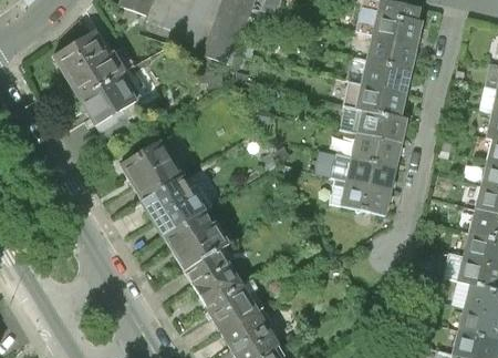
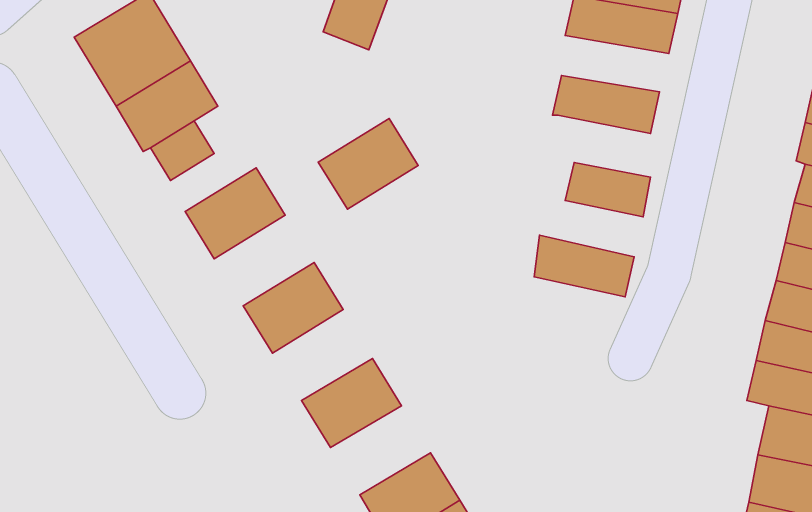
building: [343,55,411,90] -> none
building: [336,104,405,142] -> none
building: [329,153,395,191] -> none
building: [134,165,195,221] -> [318,118,418,209]
building: [169,223,230,278] -> none
building: [205,282,266,336] -> none

